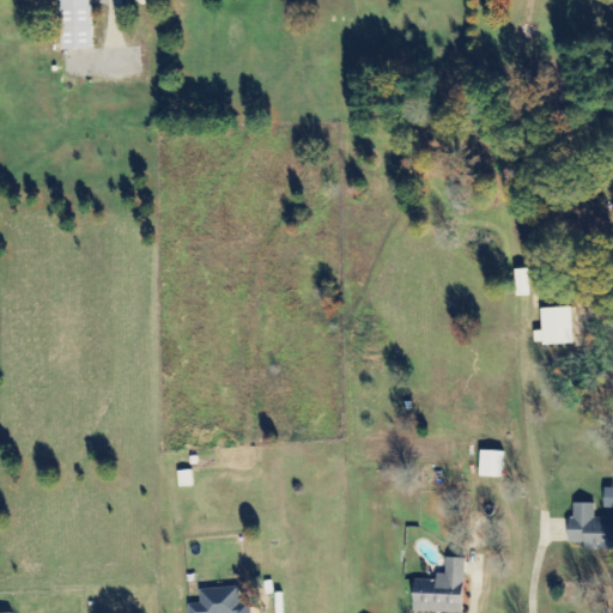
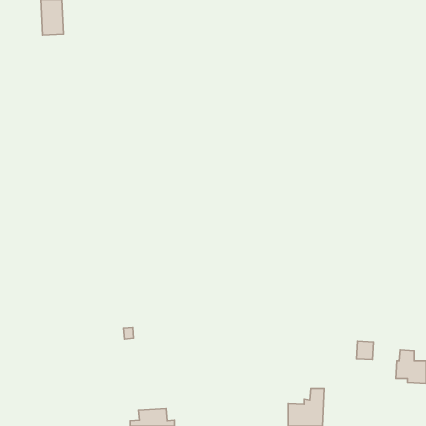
building: [533,306,572,344] -> none
building: [479,450,503,477] -> [357,341,373,360]

